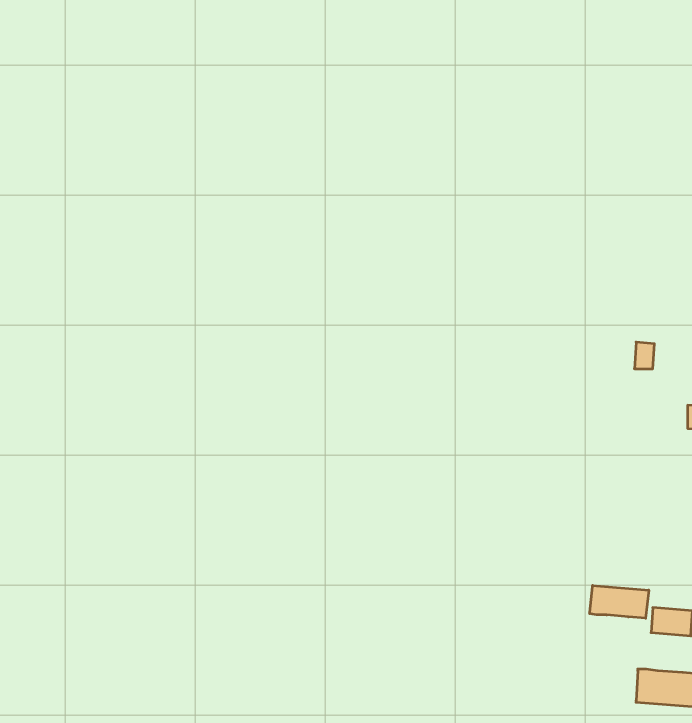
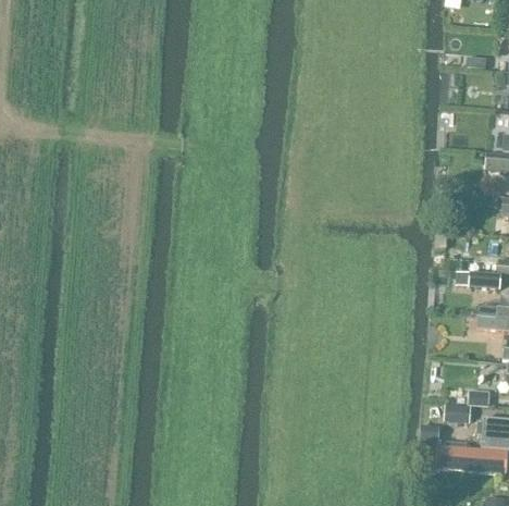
building: [590,585,649,618] -> none

